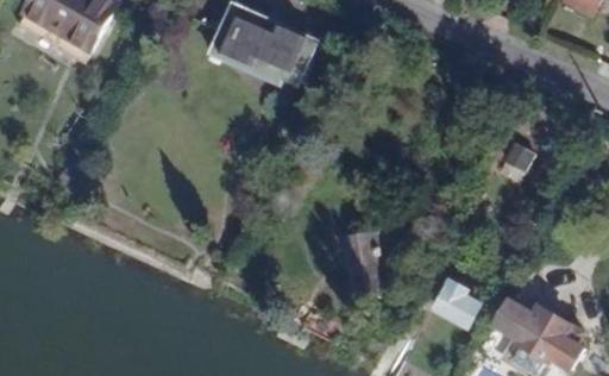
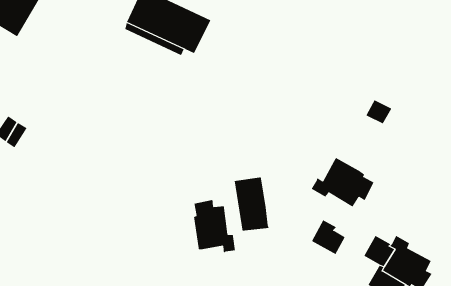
building: none -> [311,157,374,207]
building: none -> [194,199,236,253]

